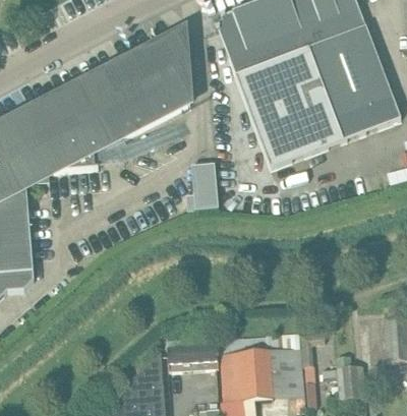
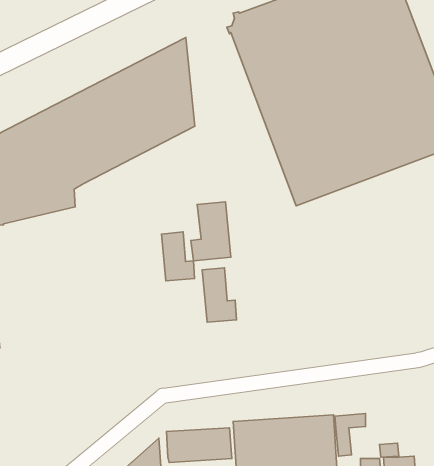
building: none -> [162,232,195,281]
building: none -> [202,268,237,322]

